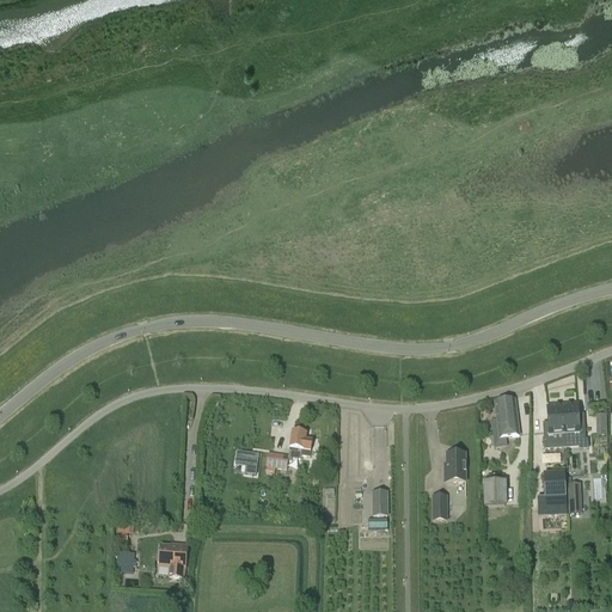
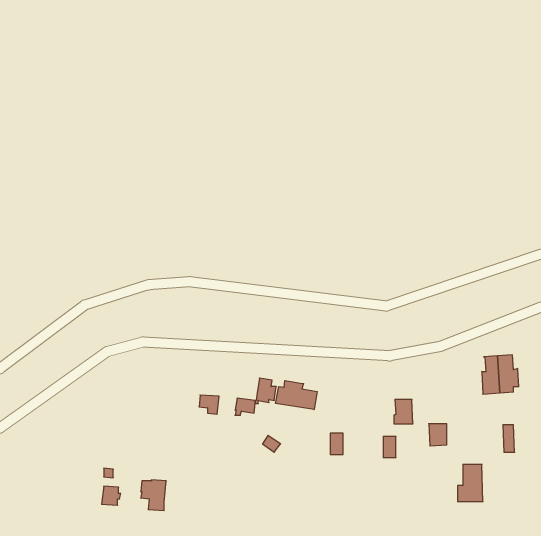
building: [495,396,520,435] -> none
building: none -> [276,381,317,410]
building: [538,470,567,512] -> [458,464,483,502]

